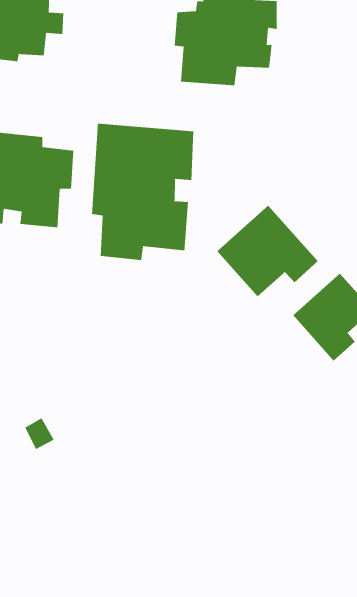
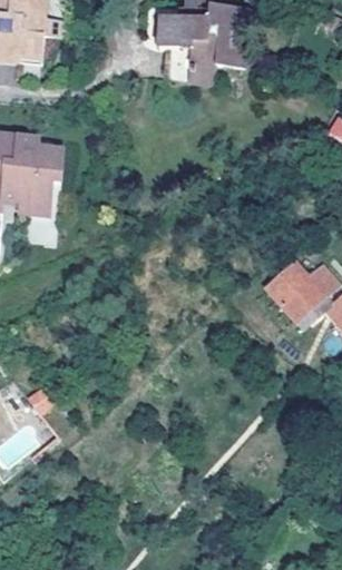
building: [92,123,194,261] -> none
building: [217,205,319,297] -> none

